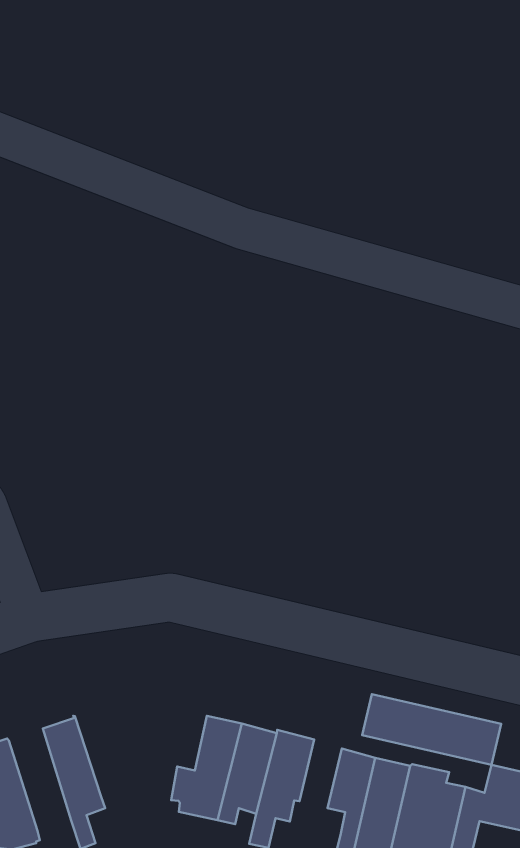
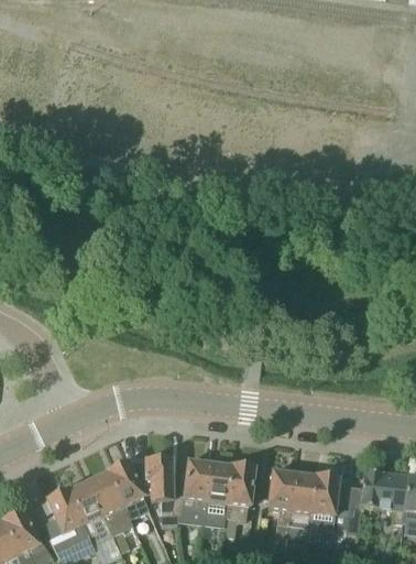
building: [362,694,501,765] -> none
building: none -> [106,459,141,517]
building: none -> [144,457,176,522]
building: none -> [67,479,111,542]

